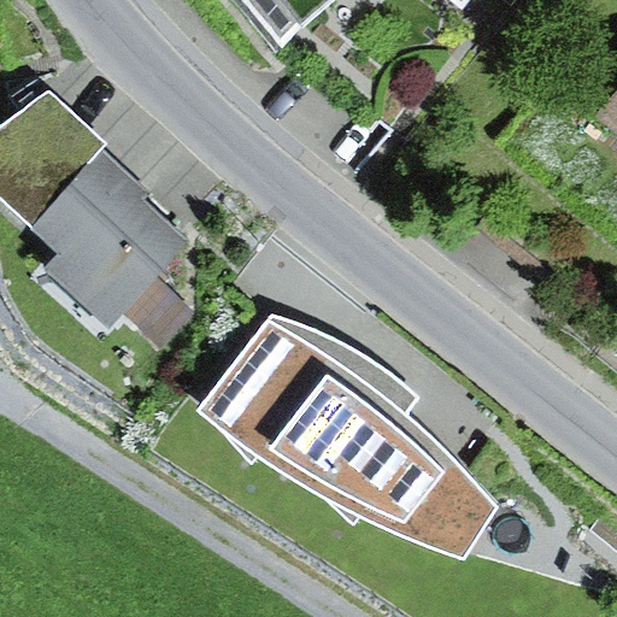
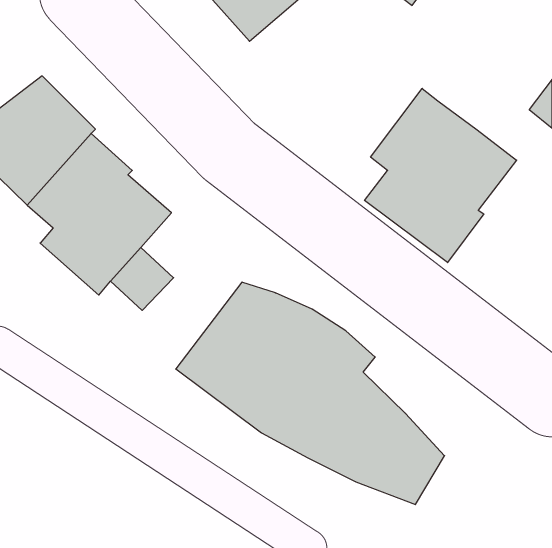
building: none -> [365,88,517,263]

